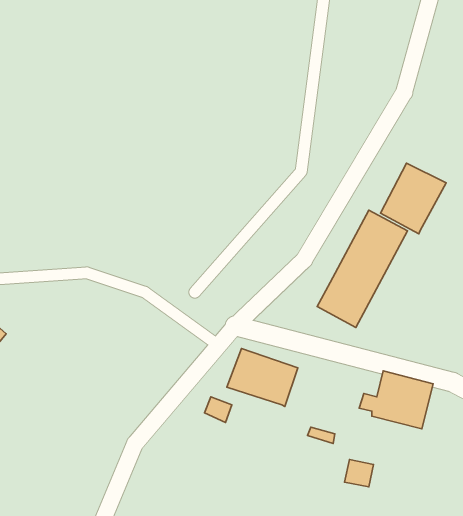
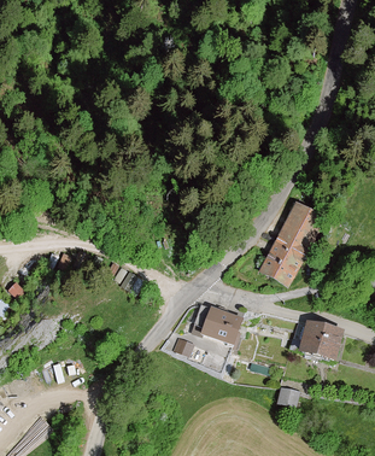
building: [380,163,446,234] -> none

